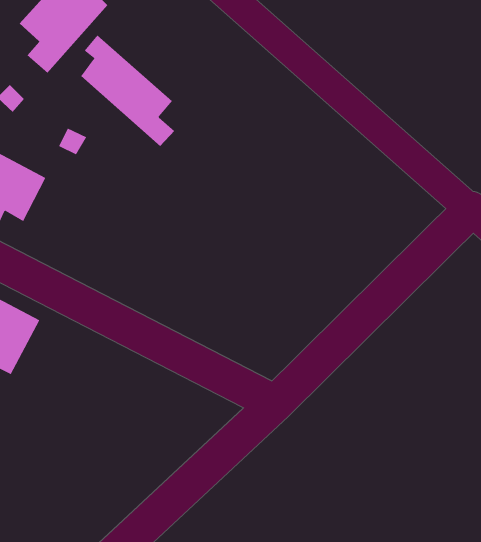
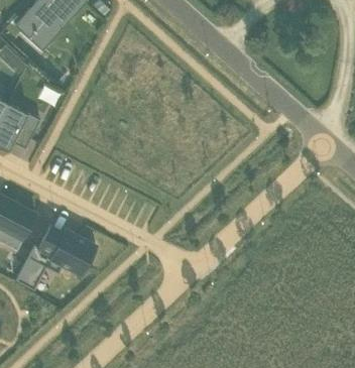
building: [80,35,175,147] -> none
building: none -> [21,226,95,277]

